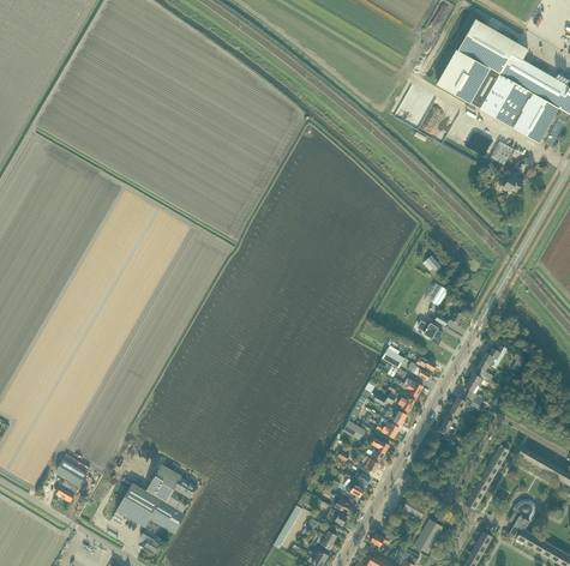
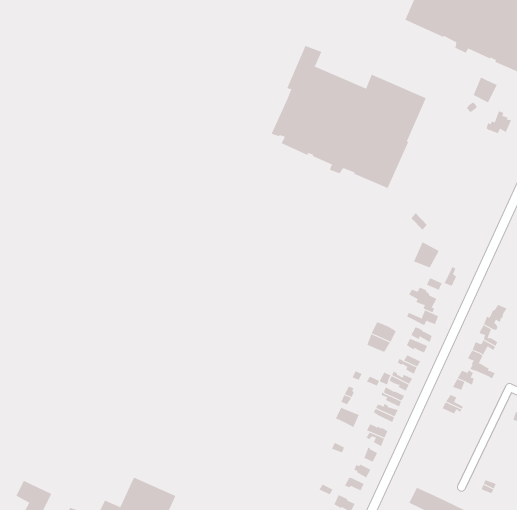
building: none -> [271,45,426,189]

